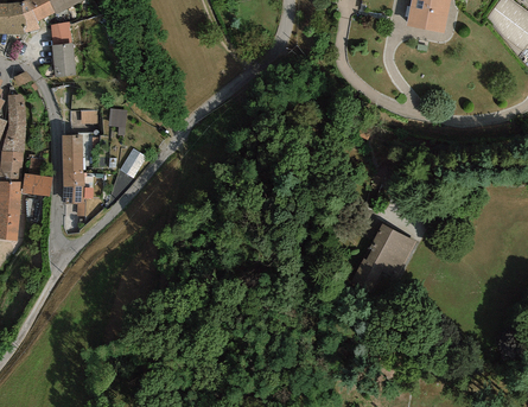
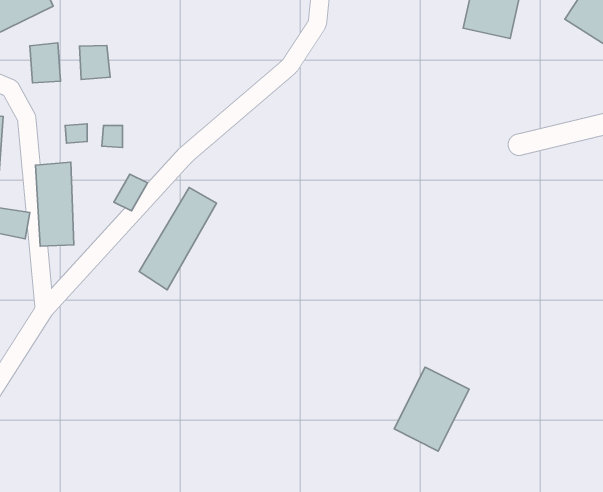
building: none -> [79,45,110,79]
building: none -> [139,187,216,290]
building: [355,224,415,292] -> [394,367,469,451]

